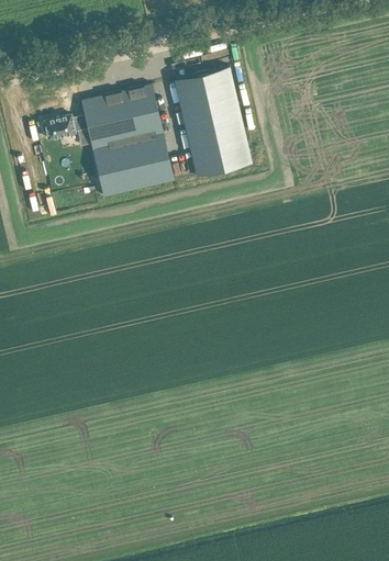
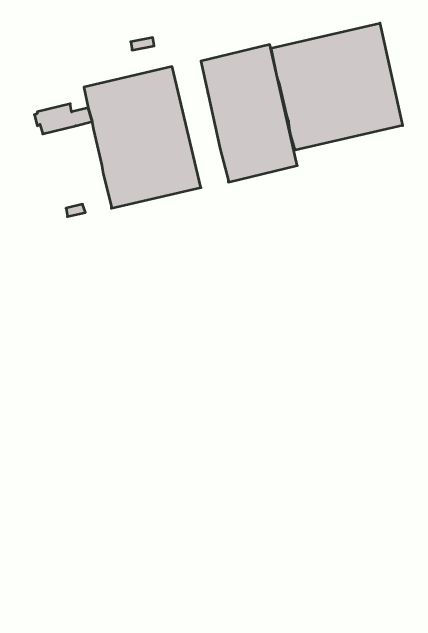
building: none -> [271,23,403,150]

